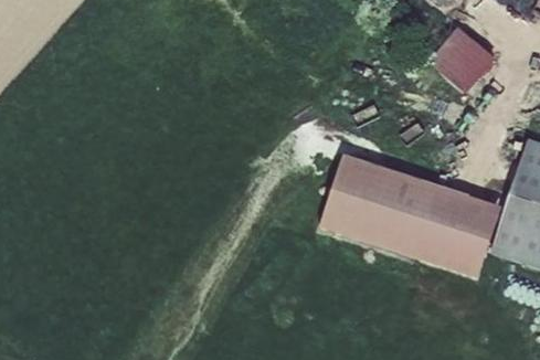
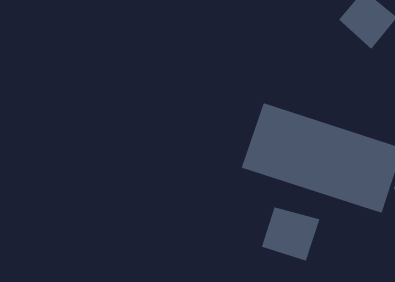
building: none -> [261,206,320,262]

